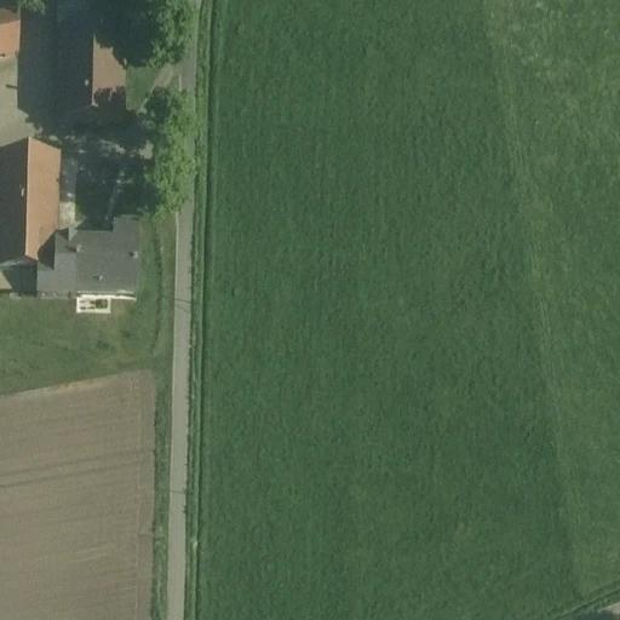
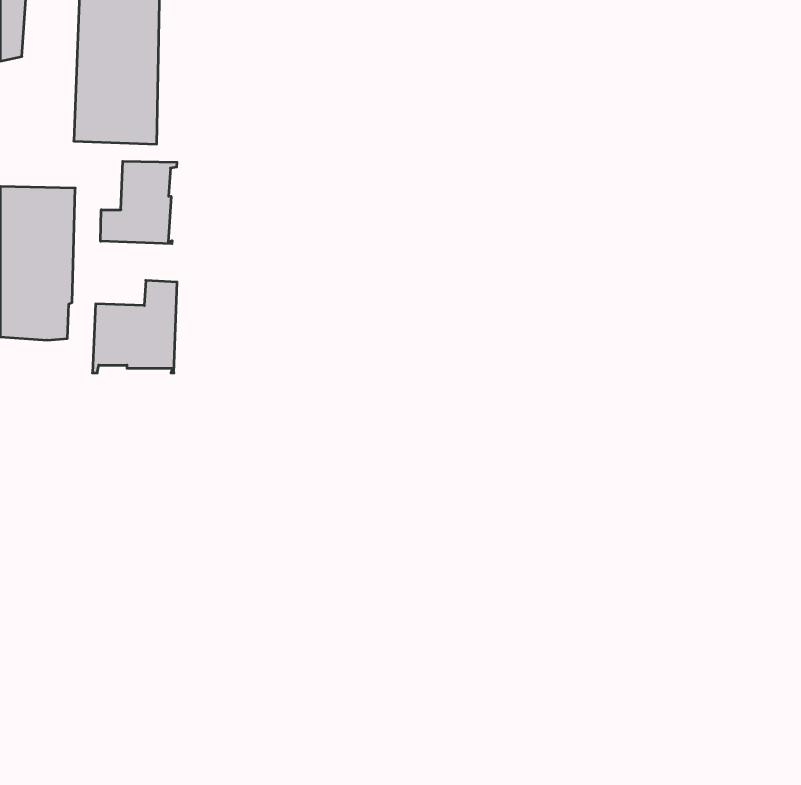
building: none -> [101,161,177,244]
building: [35,234,74,288] -> none

